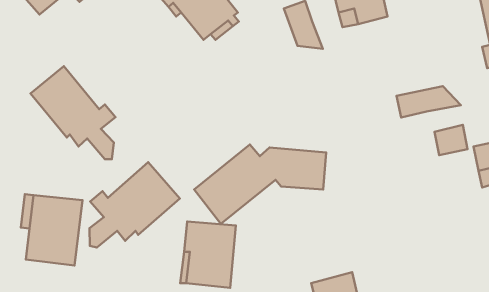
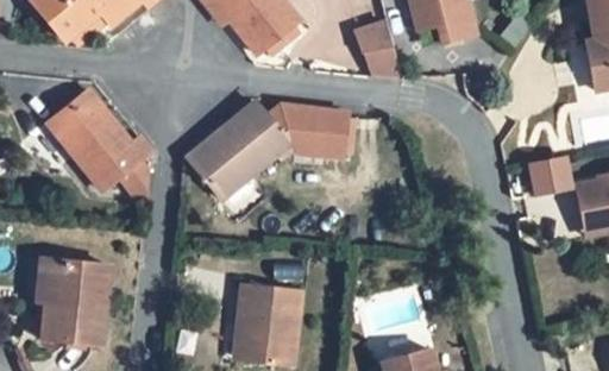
building: [396,86,461,118] -> none
building: [194,145,326,224] -> [187,109,347,206]
building: [90,162,180,247] -> none

